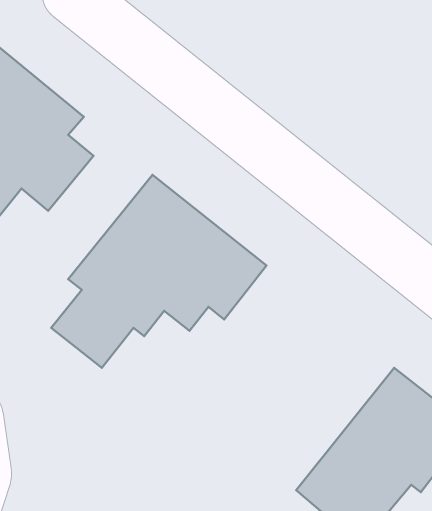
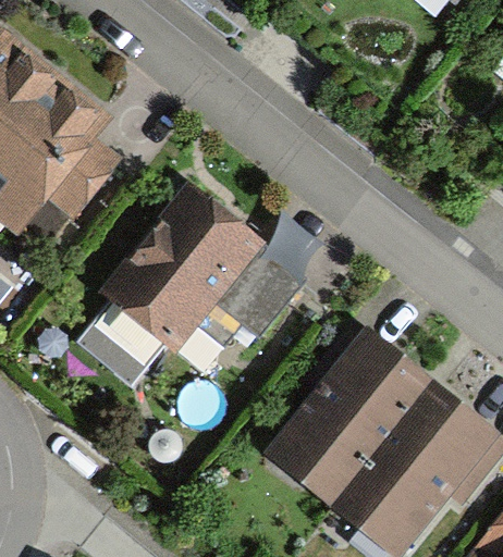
building: none -> [263,317,434,509]

